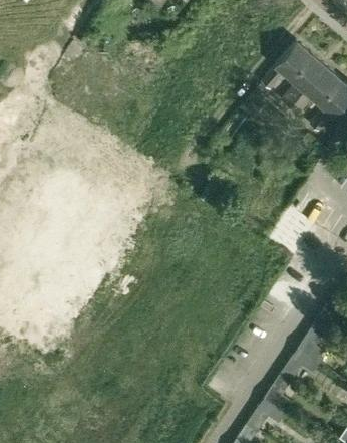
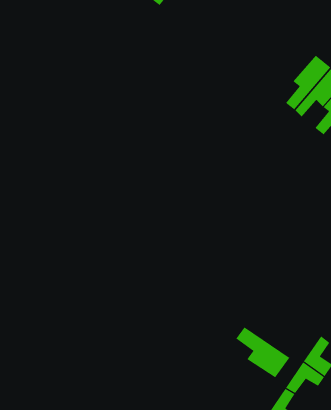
building: [261,44,310,92] -> none
building: none -> [235,326,290,378]

